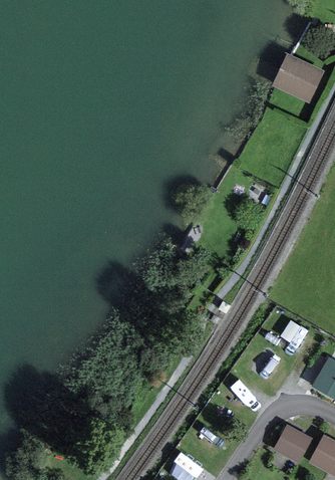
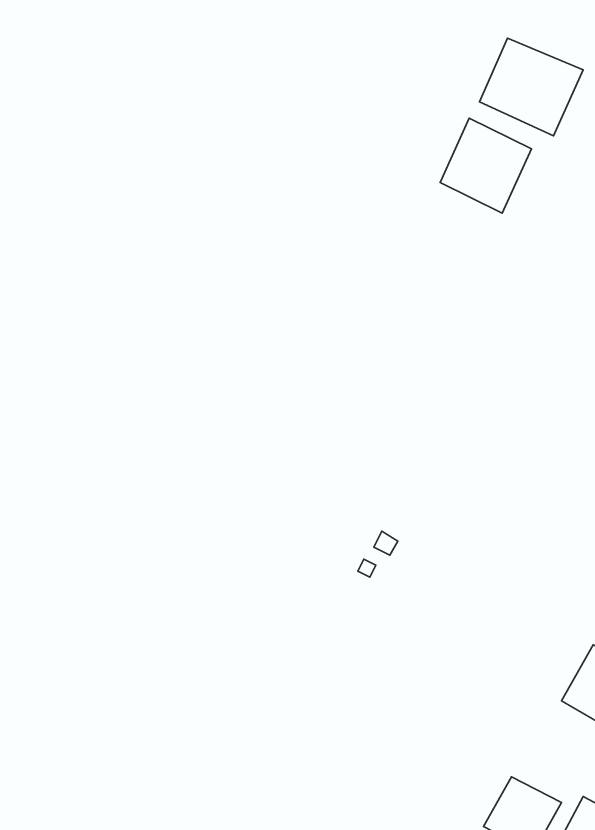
building: none -> [440,118,531,213]

